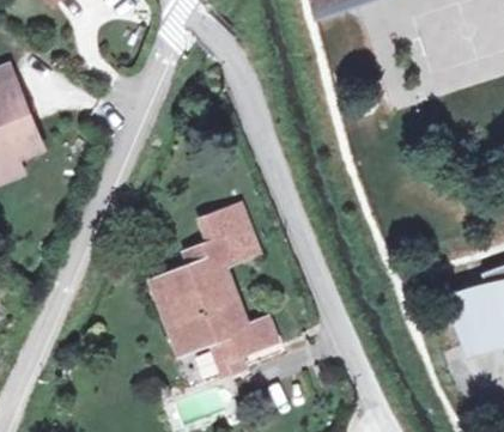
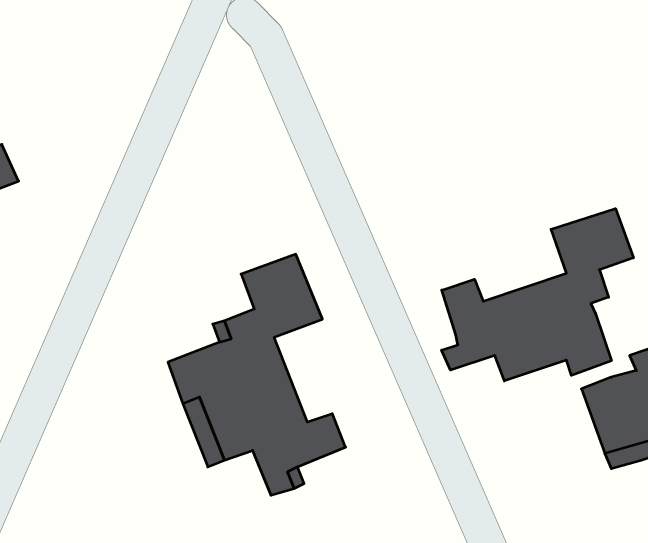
building: none -> [442,209,633,381]

